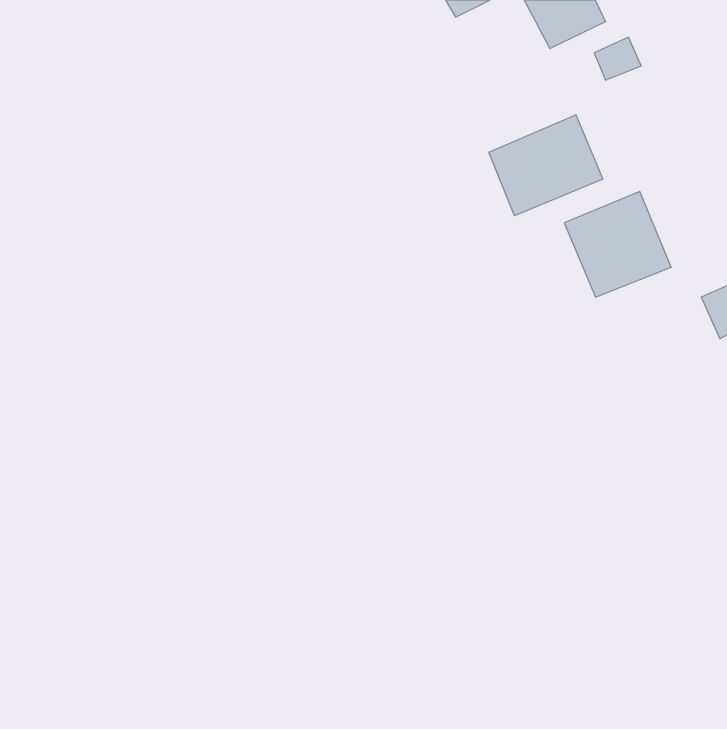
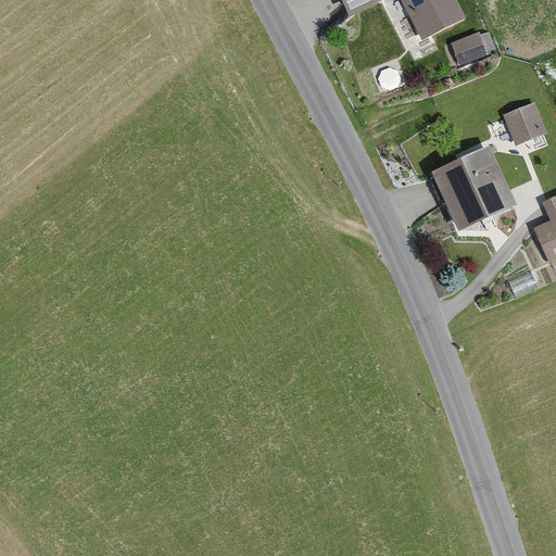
building: [489,115,603,216] -> none
building: none -> [505,99,549,141]

